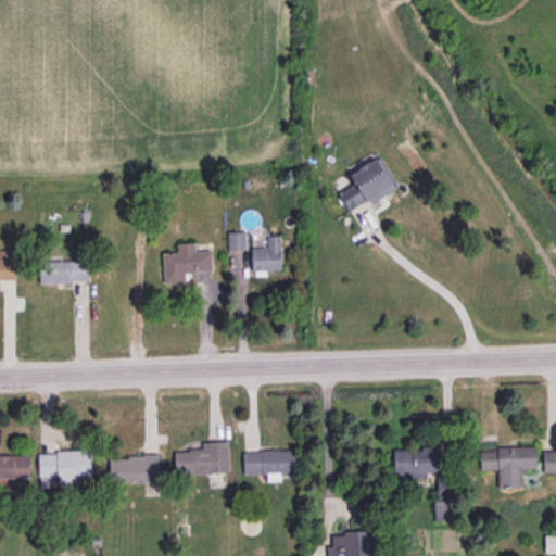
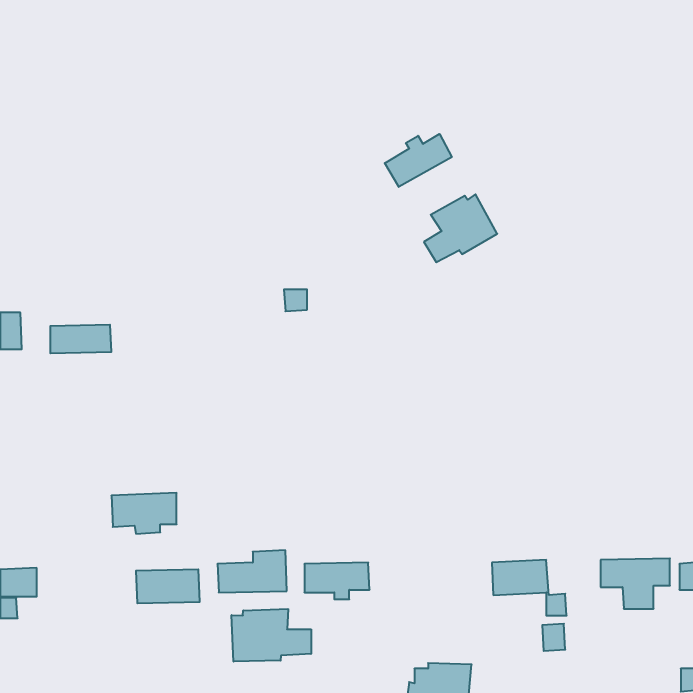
building: none -> [385,134,452,187]
building: [253,236,282,271] -> none
building: [164,243,213,283] -> none
building: [39,451,91,483] -> [111,493,177,534]
building: none -> [232,609,311,662]

